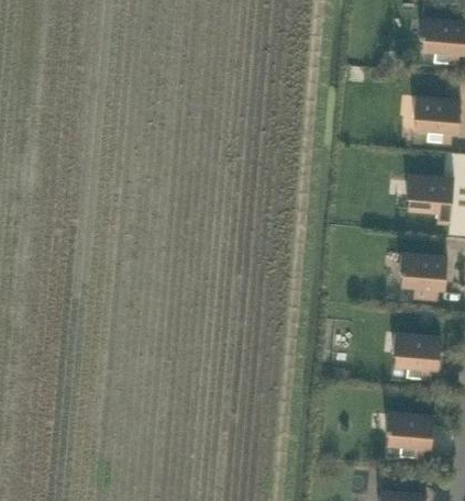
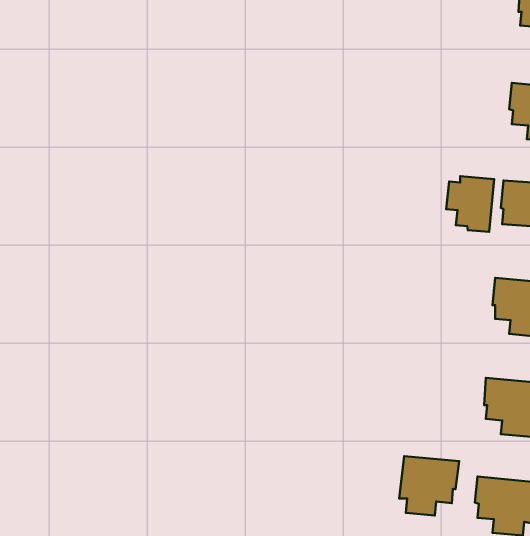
building: none -> [446,176,494,232]
building: none -> [399,456,459,516]

